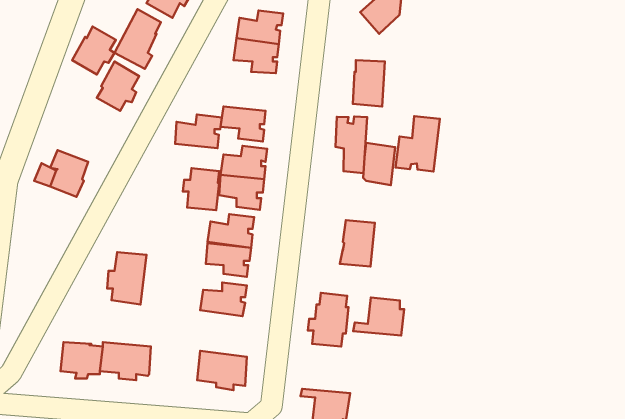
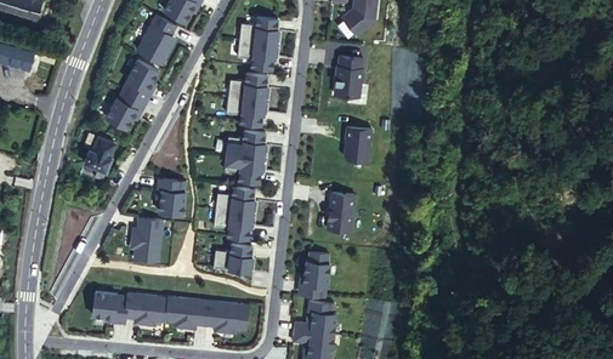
building: [72,27,116,75] -> [106,90,142,130]
building: [175,115,222,148] -> [228,73,267,101]
building: [395,116,440,172] -> none
building: [336,117,367,173] -> none
building: [183,168,219,210] -> [155,180,186,215]
building: [353,298,404,335] -> [294,304,336,336]
building: none -> [166,296,209,327]

